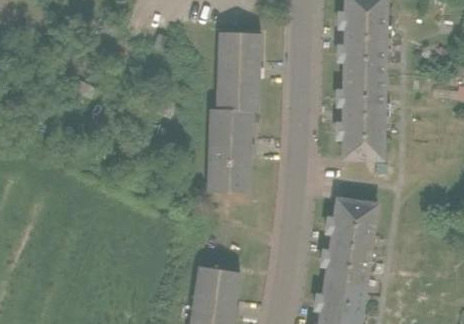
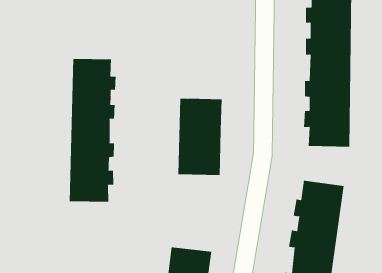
building: [215,31,260,111] -> none
building: none -> [69,58,116,202]

